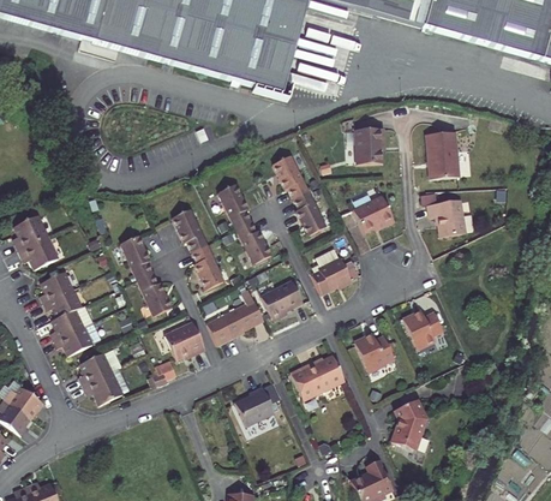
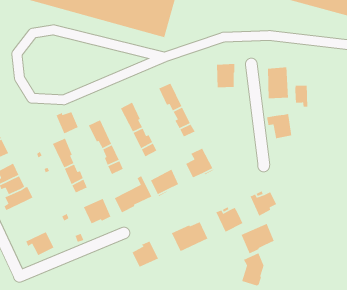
building: none -> [295,85,308,108]
building: [353,195,394,232] -> none
building: none -> [56,111,79,134]
building: [54,326,92,354] -> none
building: [78,351,112,383] -> none
building: none -> [240,223,275,254]

